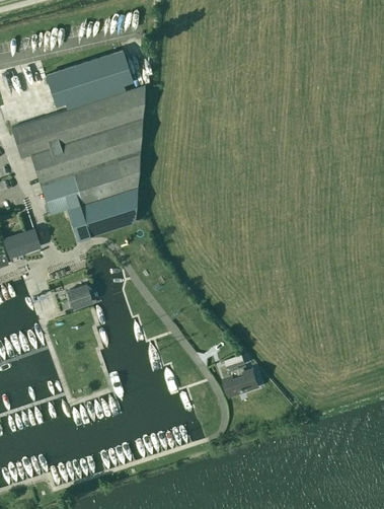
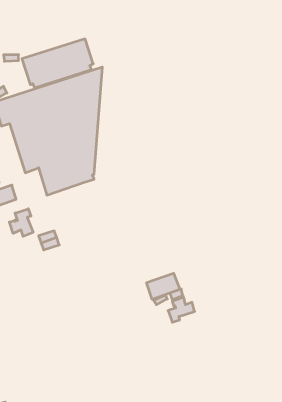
building: none -> [9,209,33,236]
building: none -> [147,273,180,299]

